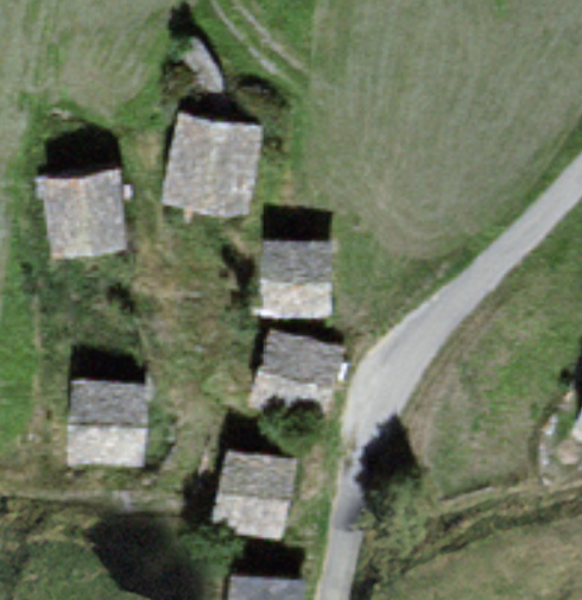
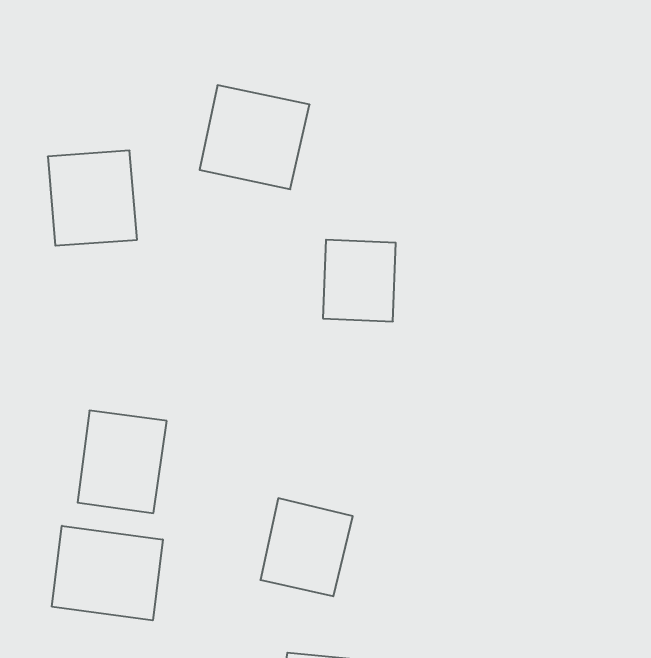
building: [255,334,339,418] -> none
building: none -> [52,526,163,620]

